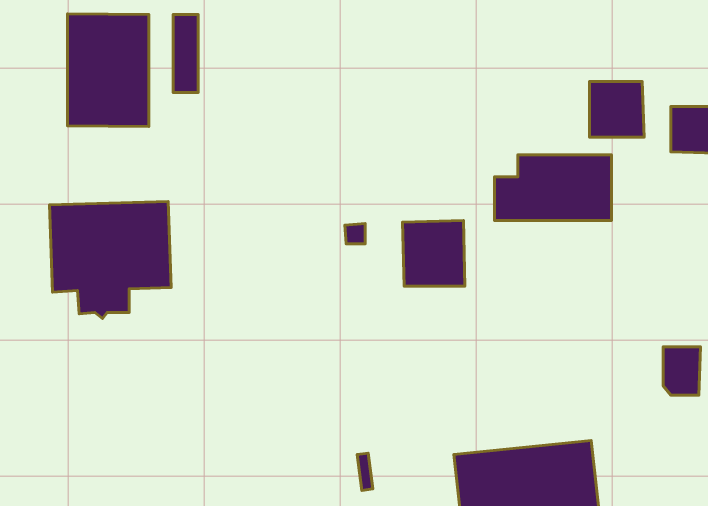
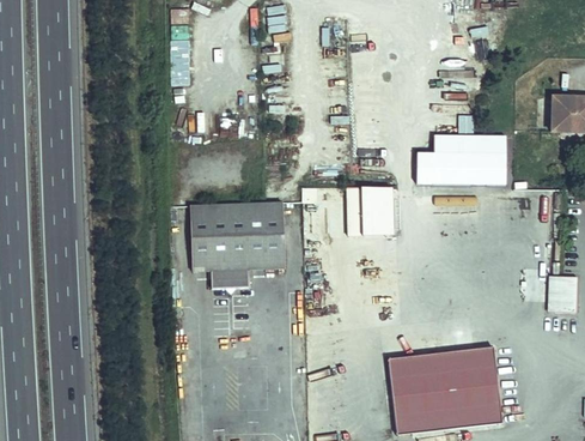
building: [68,14,149,127] -> none
building: [589,82,644,137] -> none
building: [49,202,171,319] -> [191,201,285,291]

